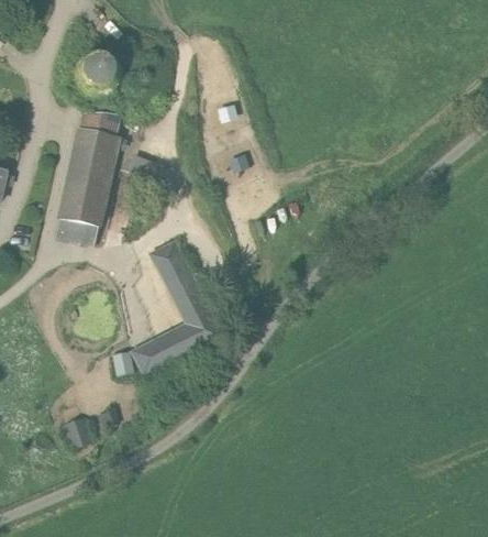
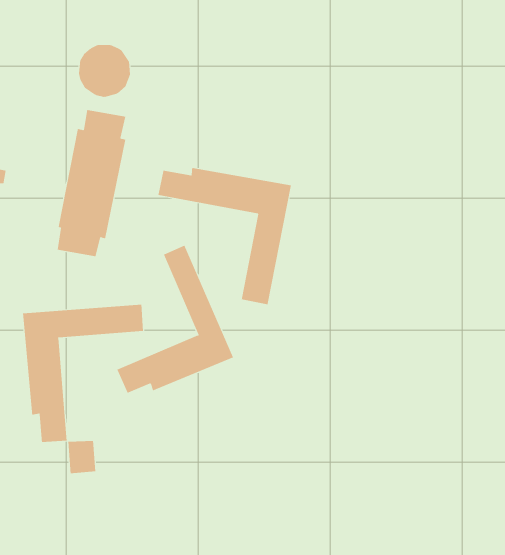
building: none -> [158,167,291,305]
building: none -> [22,304,144,443]

